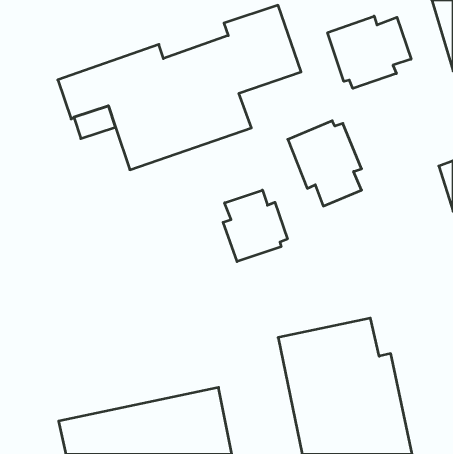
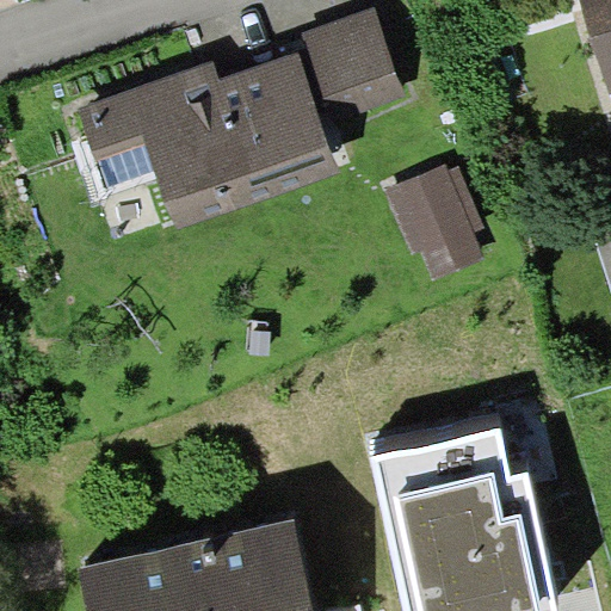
building: [328,16,411,88] -> none
building: [223,190,287,262] -> none

